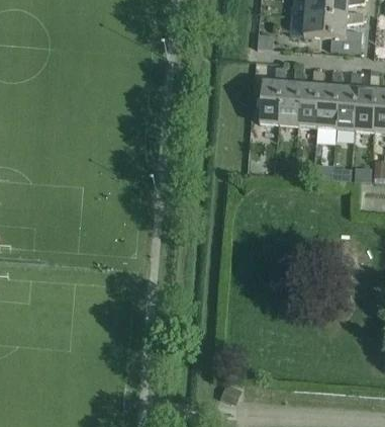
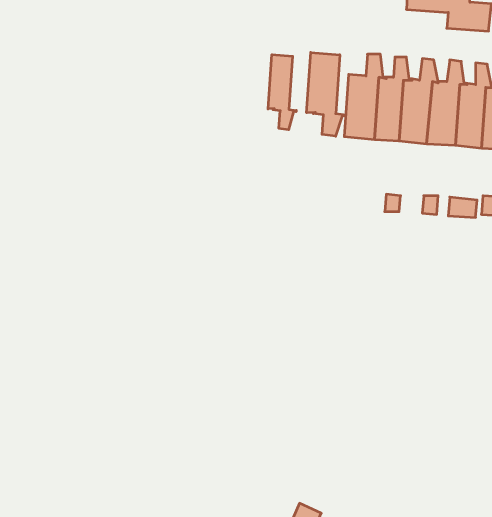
building: none -> [307,52,346,136]
building: none -> [268,55,296,130]

